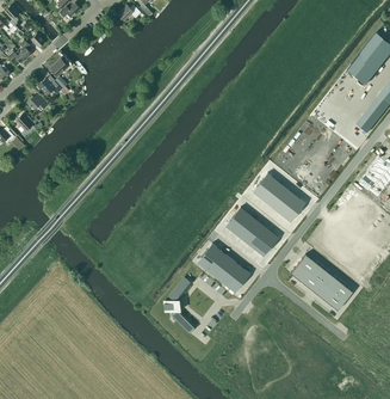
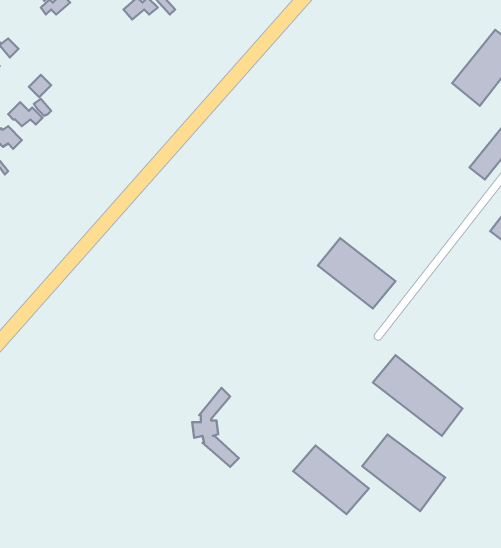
building: [224,208,277,257] -> none
building: [197,244,249,291] -> [293,445,369,514]
building: none -> [362,434,445,511]

